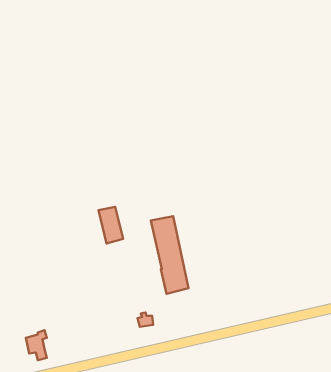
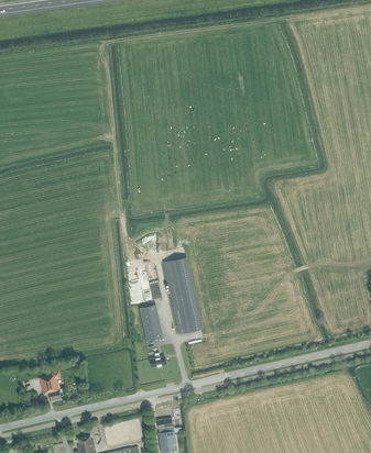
building: [99,207,123,243] -> [139,306,163,342]

